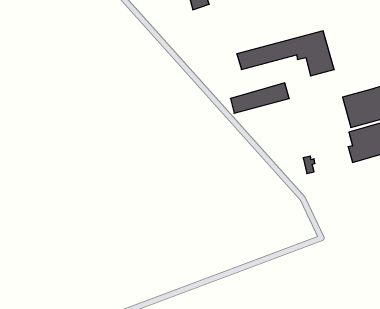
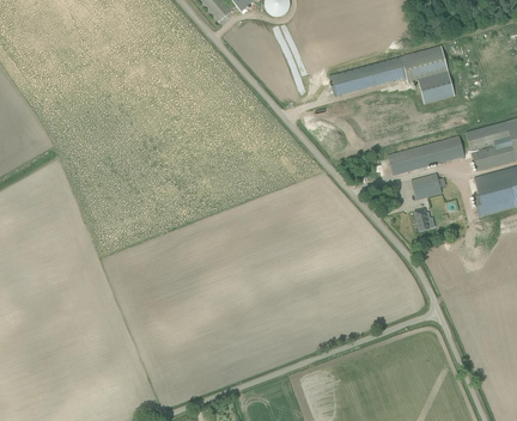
building: [230,83,289,113] -> [388,135,464,175]
building: none -> [410,173,446,200]

